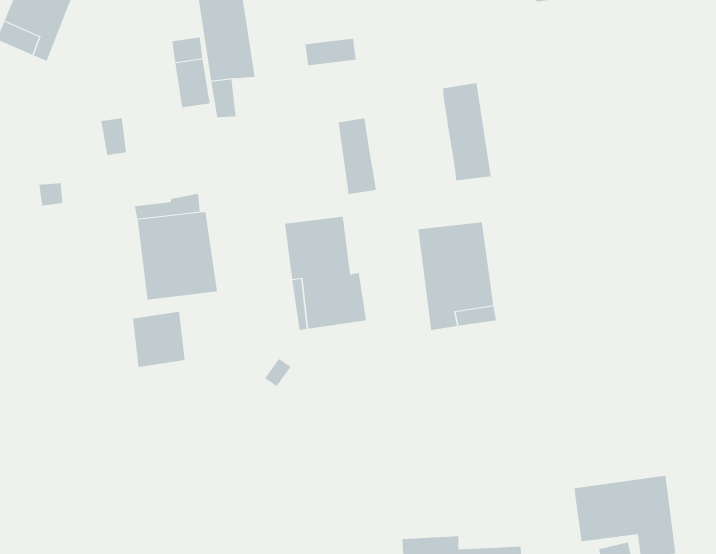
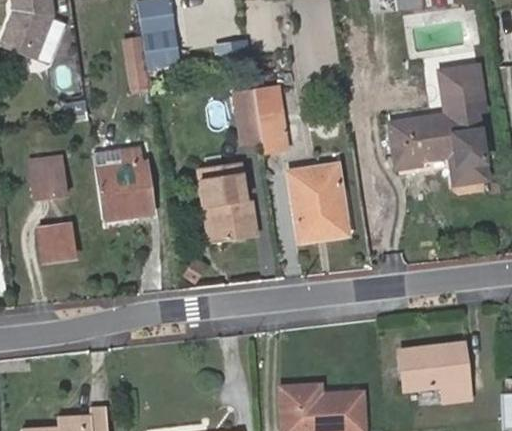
building: none -> [391,67,486,184]
building: [442,83,492,181] -> [255,86,289,154]
building: none -> [29,157,67,200]
building: [132,311,186,368] -> [38,222,75,261]

